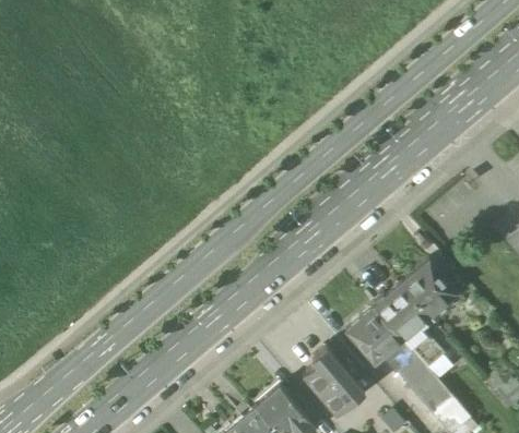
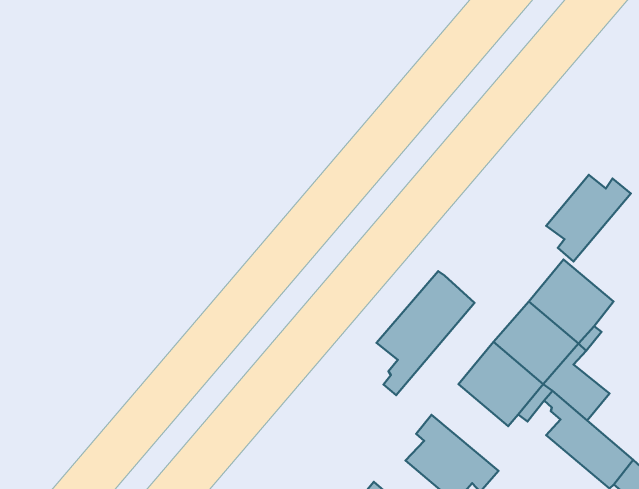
building: none -> [546,175,631,261]
building: none -> [377,271,474,395]

